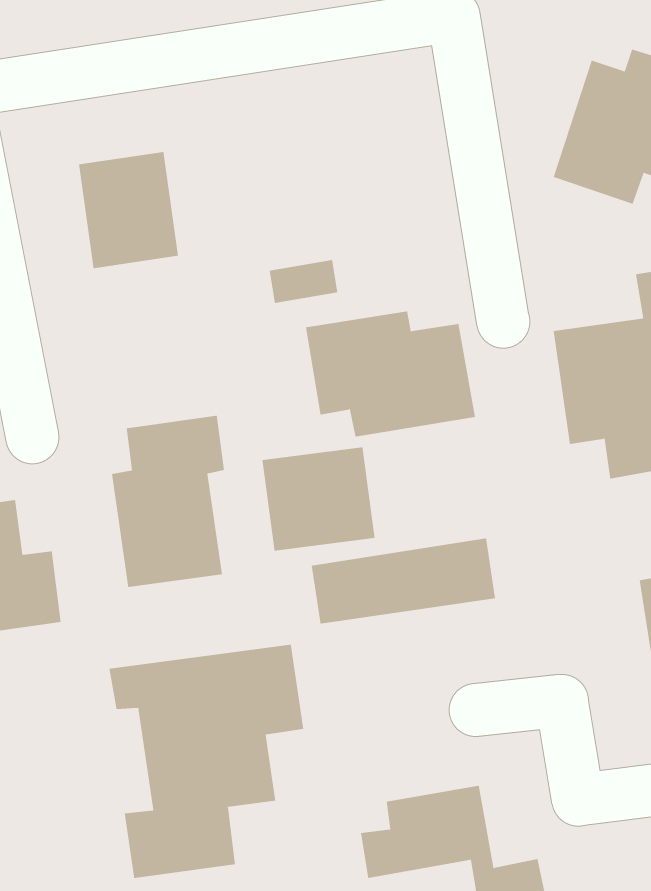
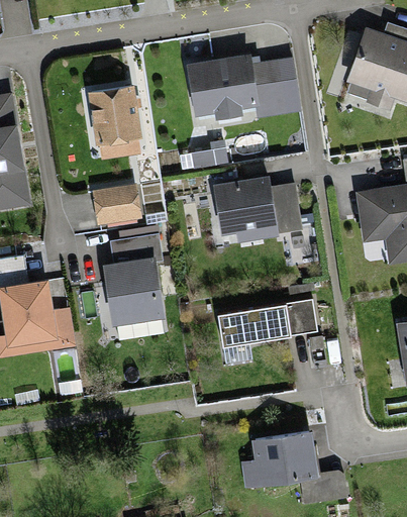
building: none -> [183,51,289,129]
building: none -> [96,182,146,221]
building: [262,446,375,552] -> none
building: [109,644,304,879] -> none

